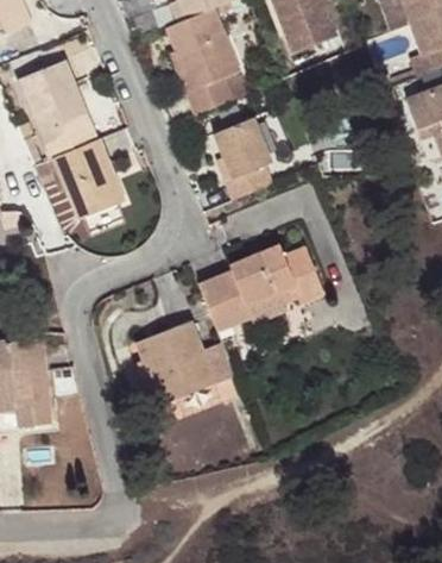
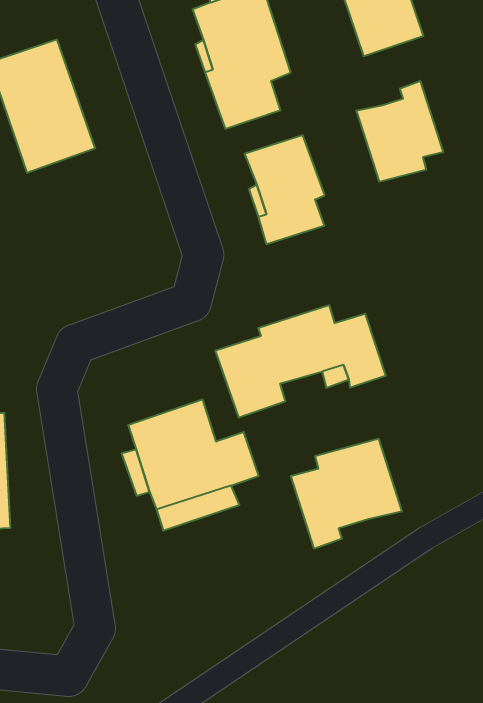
building: none -> [356,81,443,182]
building: [50,137,124,221] -> none
building: none -> [291,439,402,549]

